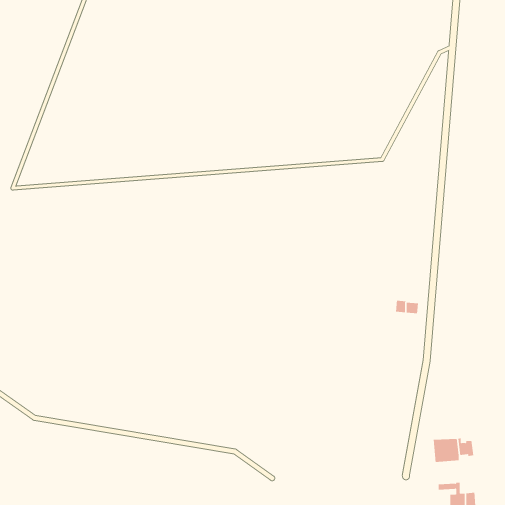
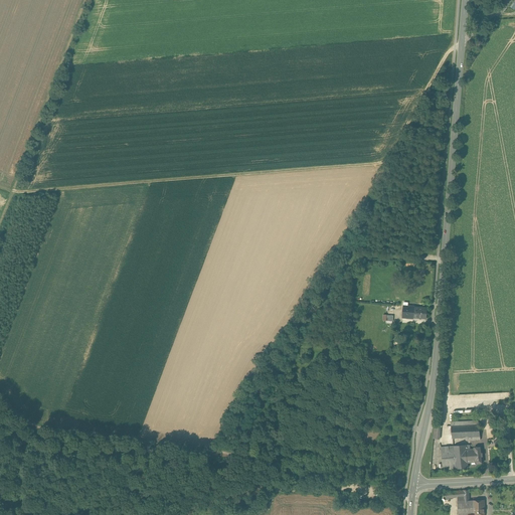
building: none -> [450,422,480,442]

